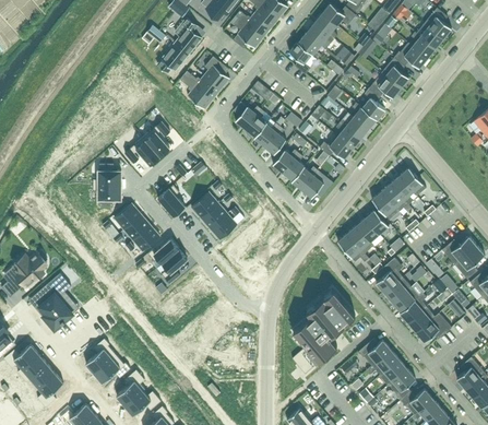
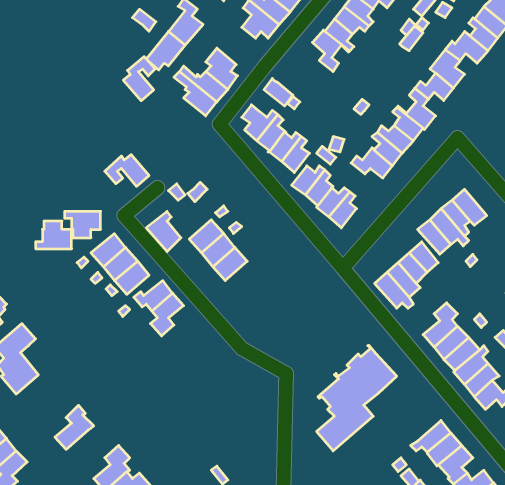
building: [145,122,170,157] -> [123,57,155,101]
building: [93,164,121,186] -> [36,221,72,249]
building: [357,341,390,367] -> none
building: [94,358,130,383] -> none

